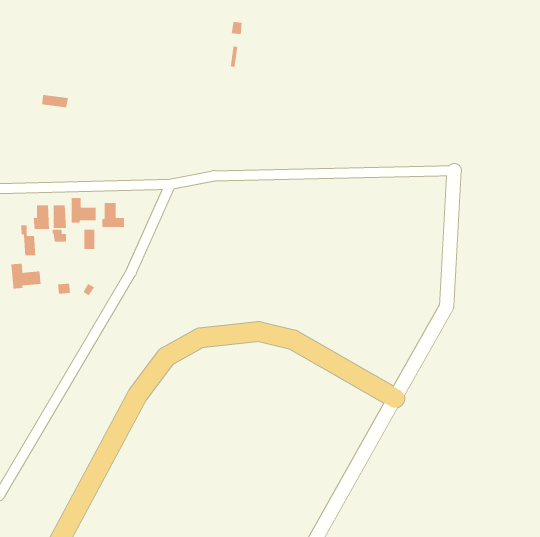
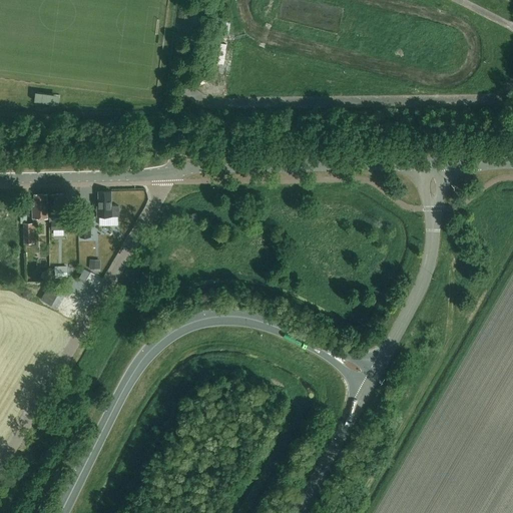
building: [71,197,97,223] -> none
building: [10,263,41,290] -> none

